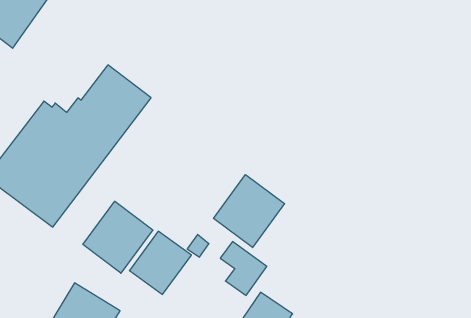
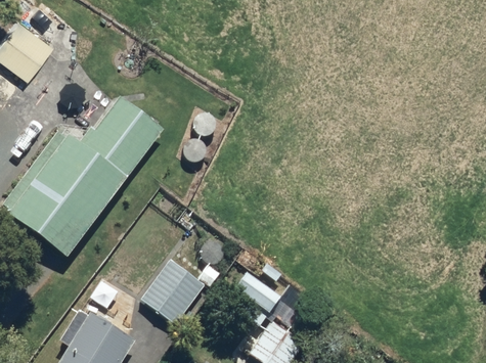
building: [214,175,285,248] -> none
building: [83,201,153,273] -> none

